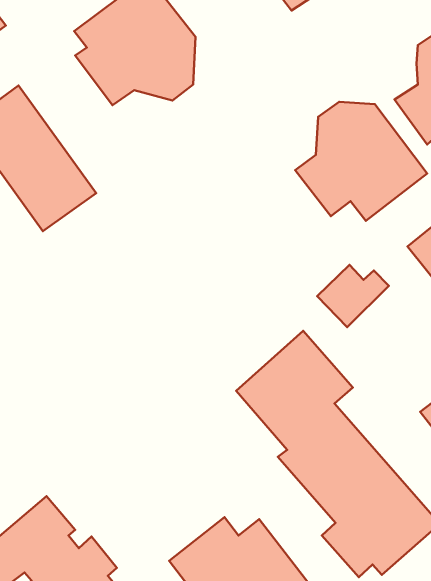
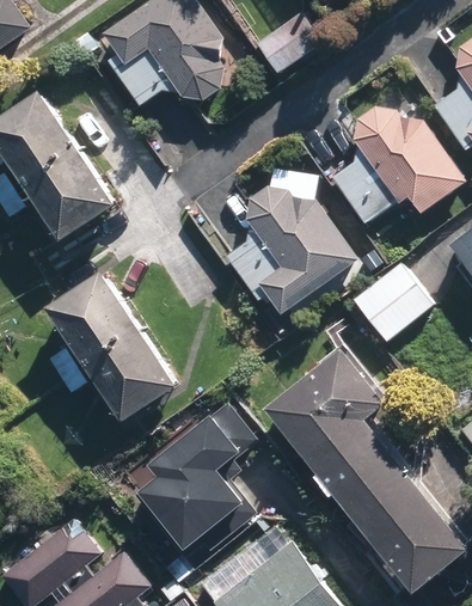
building: none -> [252,11,317,74]
building: none -> [223,170,357,308]
building: none -> [51,271,174,414]
building: none -> [145,404,258,550]

